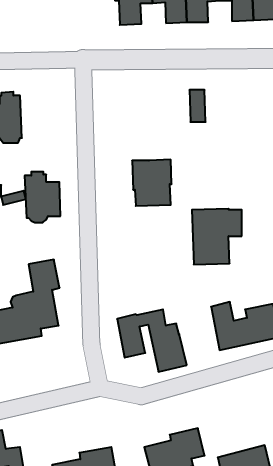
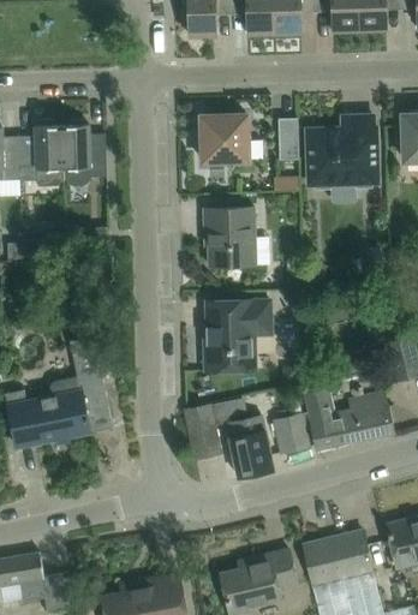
building: none -> [201,114,247,169]
building: none -> [306,115,377,190]
building: [25,172,60,223] -> [61,120,107,185]
building: [192,209,242,264] -> [207,299,270,370]
building: none -> [274,413,310,452]
building: none -> [303,530,372,584]

